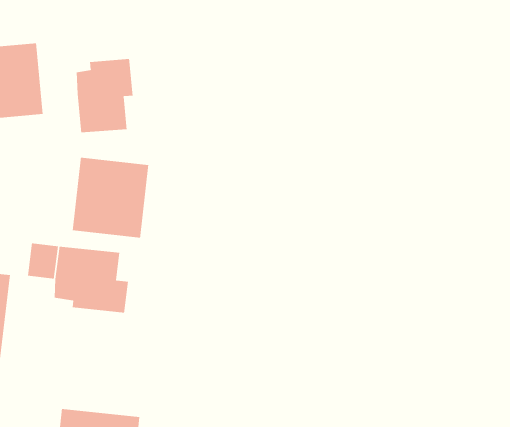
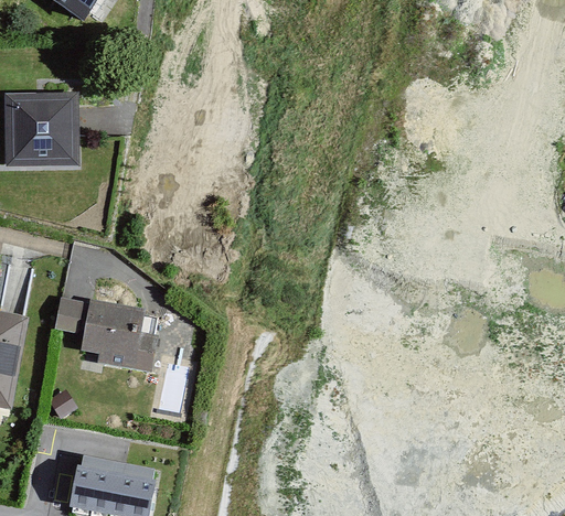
building: [76,58,133,133] -> none
building: [72,157,149,239] -> none

